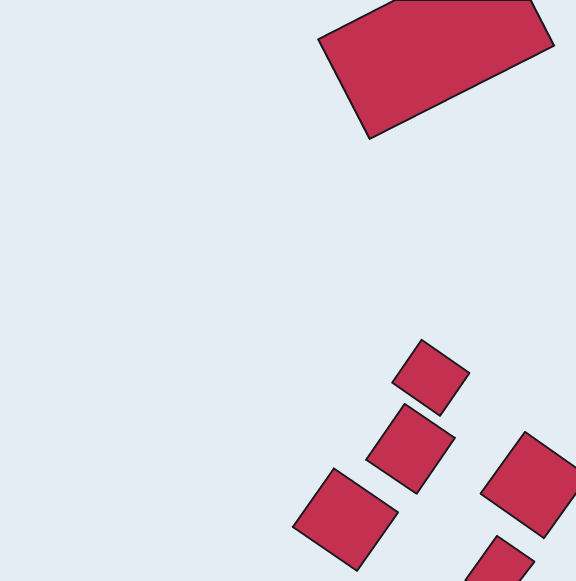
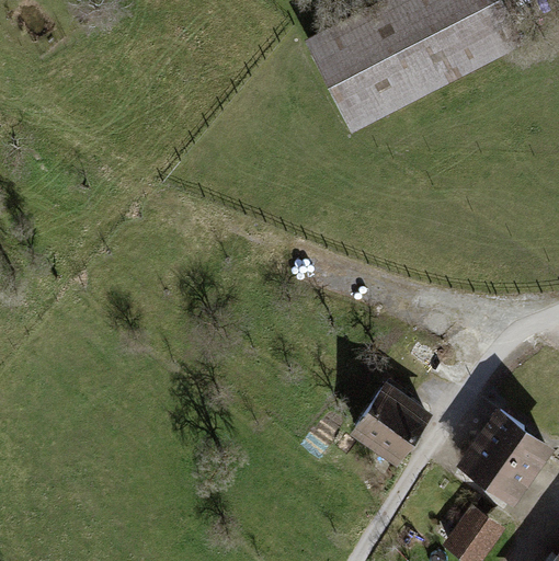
building: [392,340,469,416] -> none
building: [293,468,398,571] -> none

